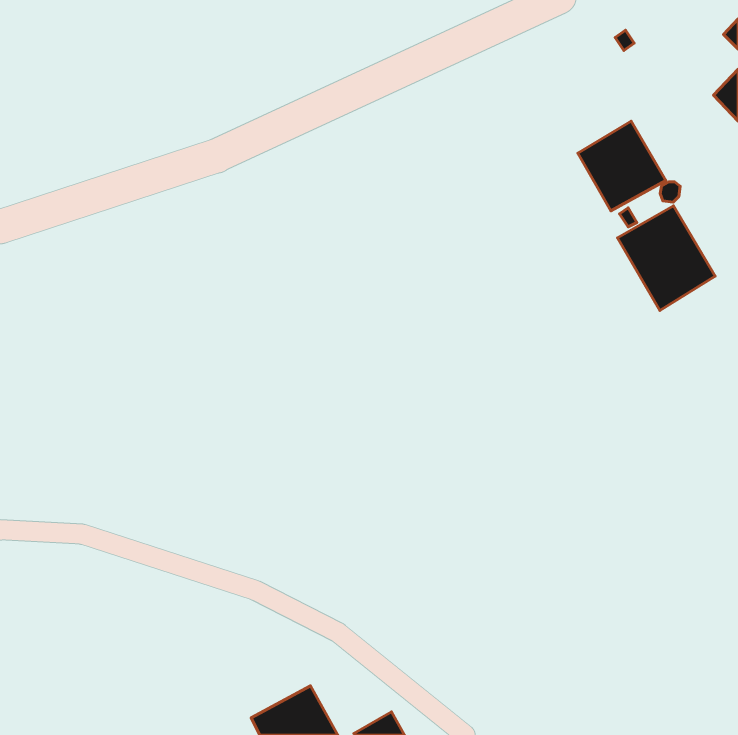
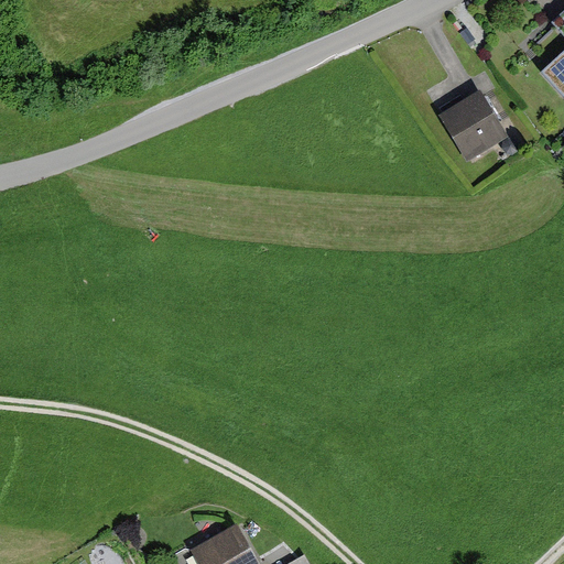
building: [617,206,715,310] -> none

